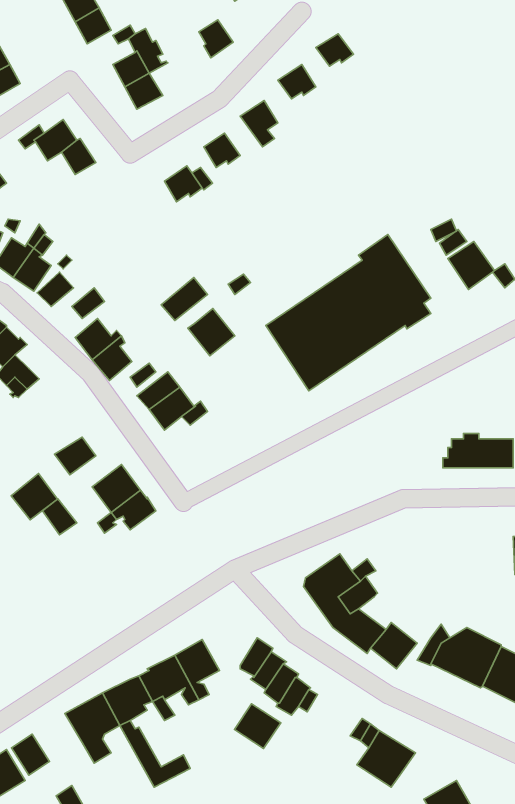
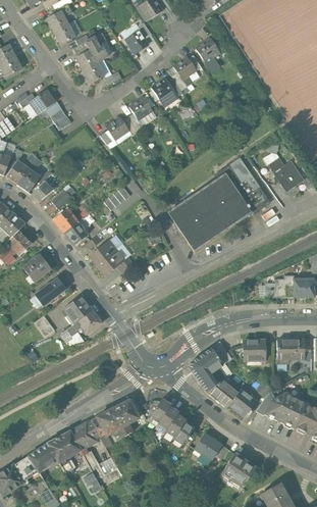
building: [188,308,235,356] -> none
building: [11,473,57,520] -> [23,254,51,282]
building: none -> [244,340,264,362]
building: none -> [277,340,305,362]
building: [234,704,281,748] -> [195,433,222,459]
building: none -> [29,443,58,471]

